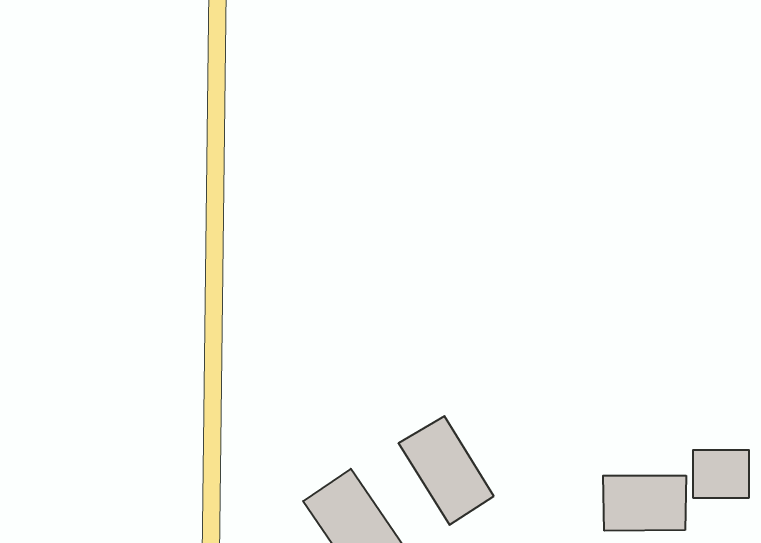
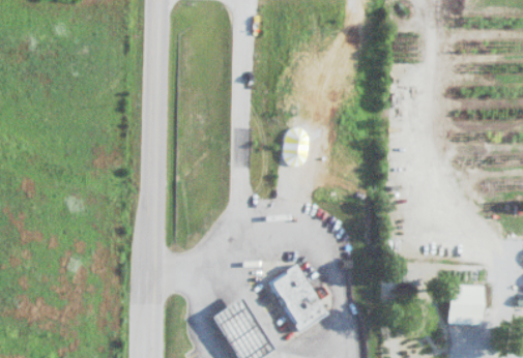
building: [603,476,686,531] -> none

